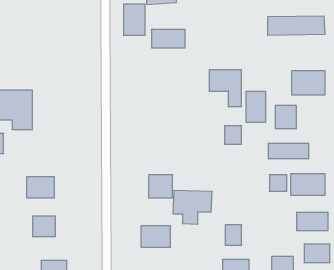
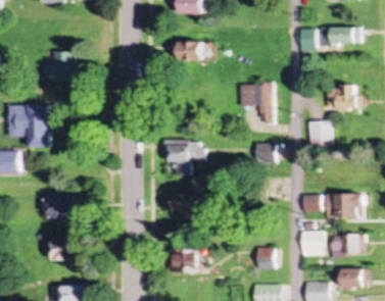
building: [124,4,145,36] -> none
building: none -> [45,52,76,81]
building: [246,91,265,122] -> none
building: [269,143,308,159] -> none
building: [173,191,212,224] -> [162,140,204,175]
building: none -> [302,232,322,255]

